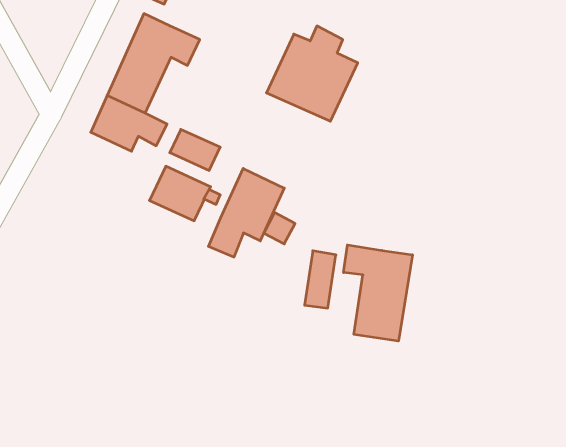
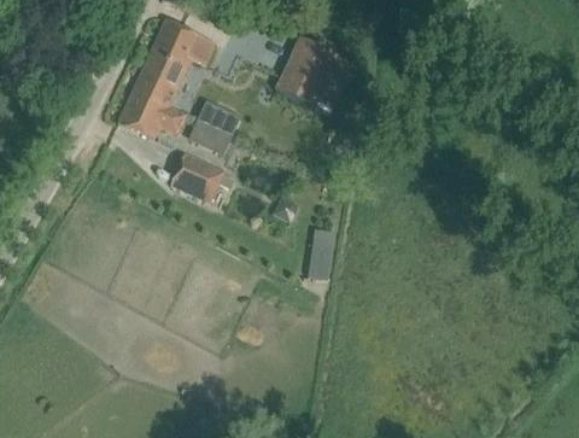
building: none -> [198,104,241,138]
building: [208,168,284,257] -> none
building: [344,245,412,341] -> none

